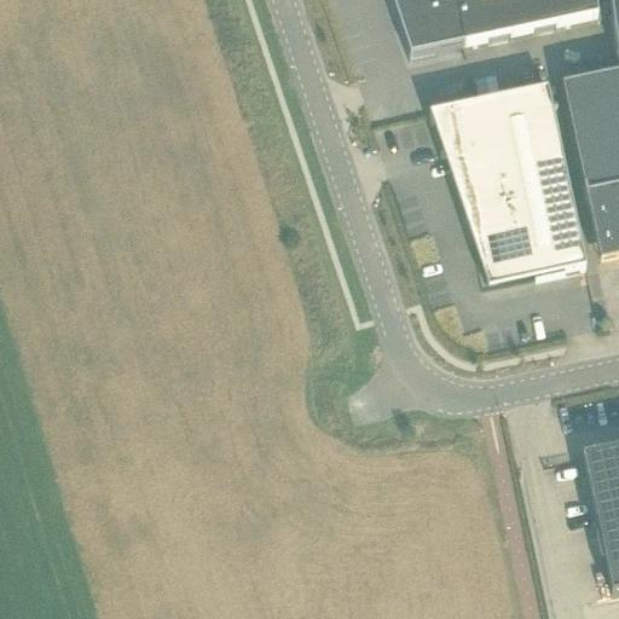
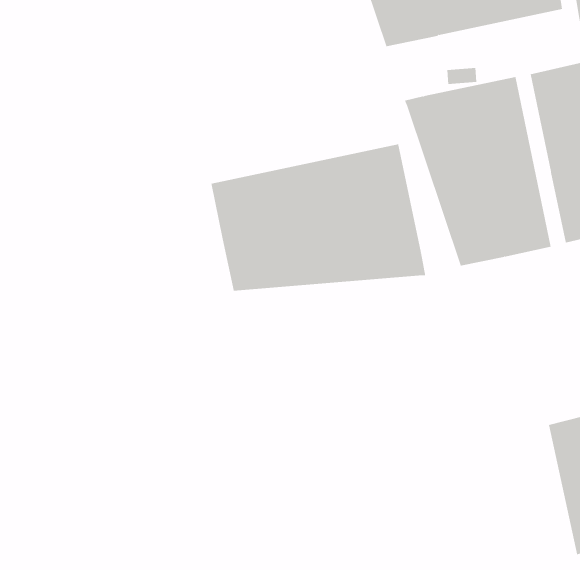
building: none -> [211,143,426,291]

